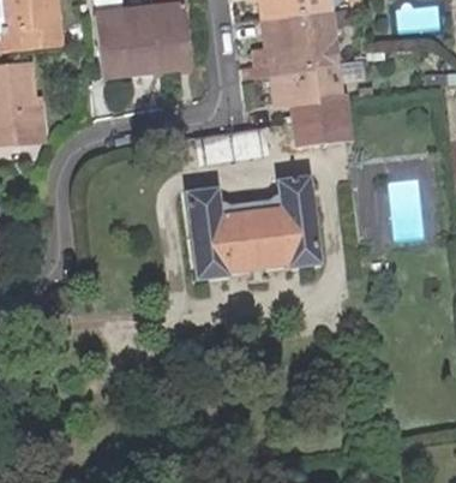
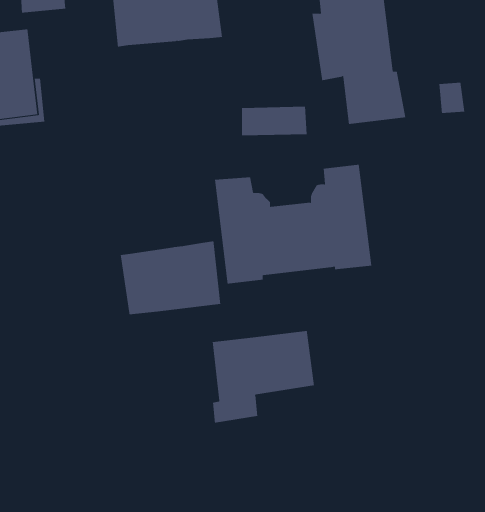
building: none -> [120,241,221,315]
building: none -> [212,330,314,424]

